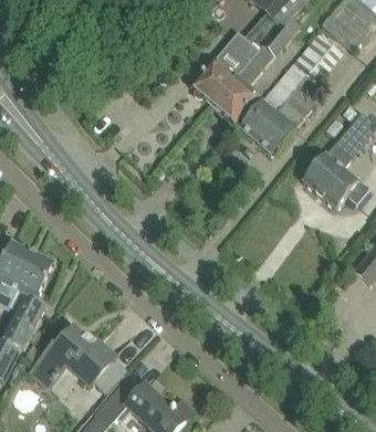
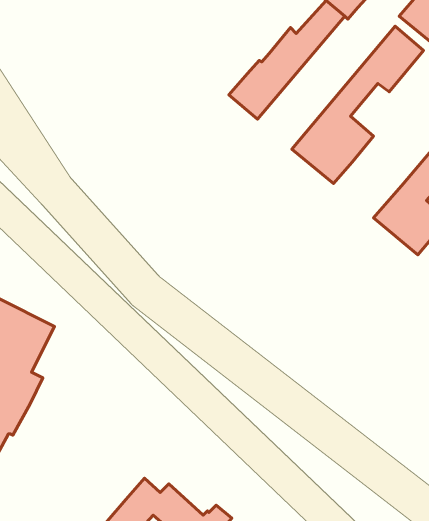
building: [212,24,293,123] -> none
building: [31,328,127,394] -> none

